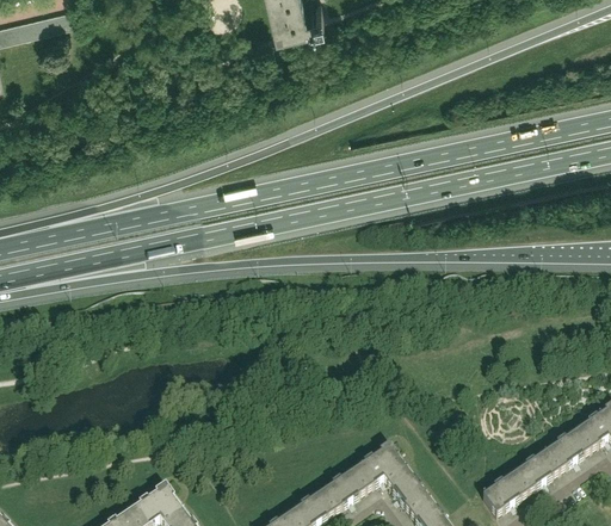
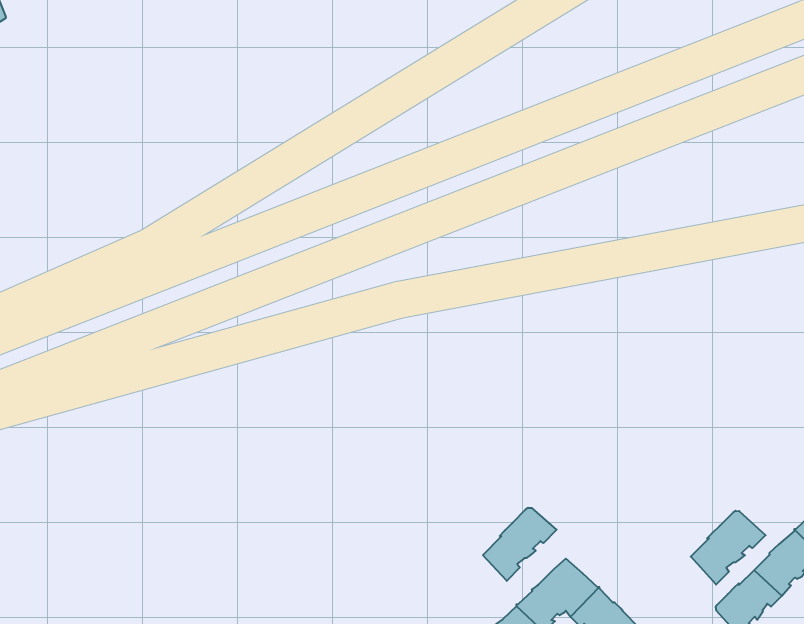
building: none -> [483,508,557,581]
building: none -> [691,511,766,585]

